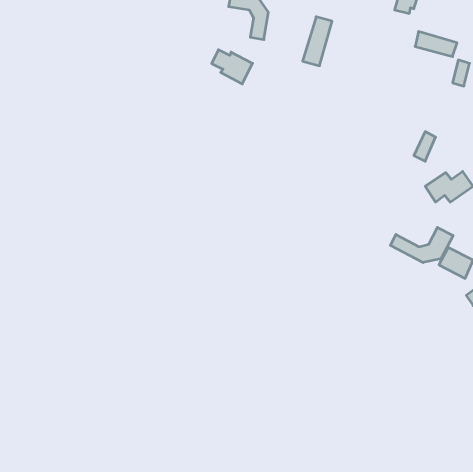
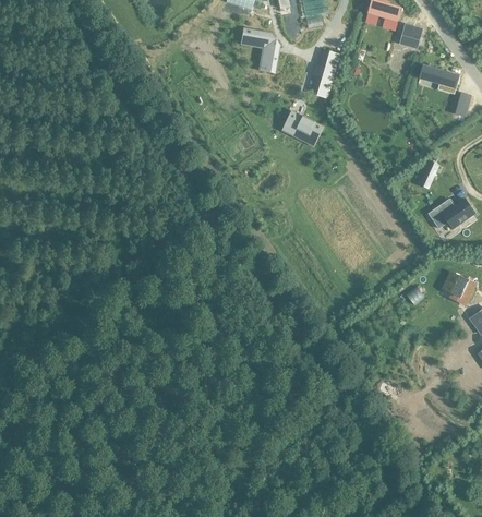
building: [212,50,253,84] -> [284,113,323,146]
building: [390,227,453,263] -> none

